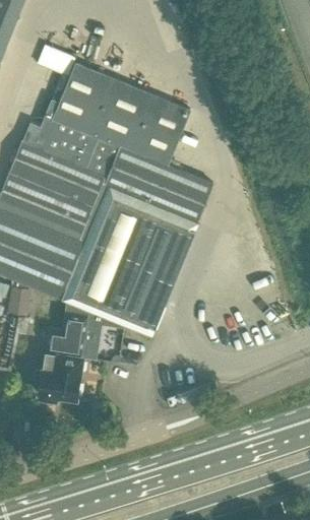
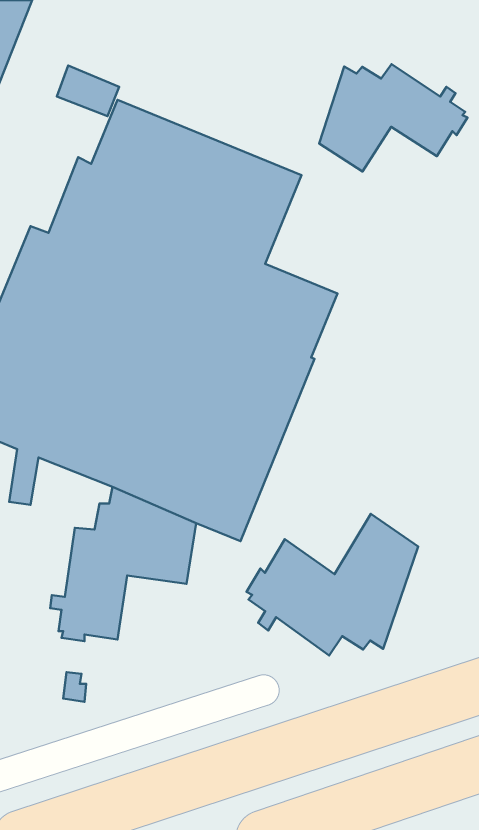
building: none -> [319,64,468,171]
building: none -> [247,514,418,655]

